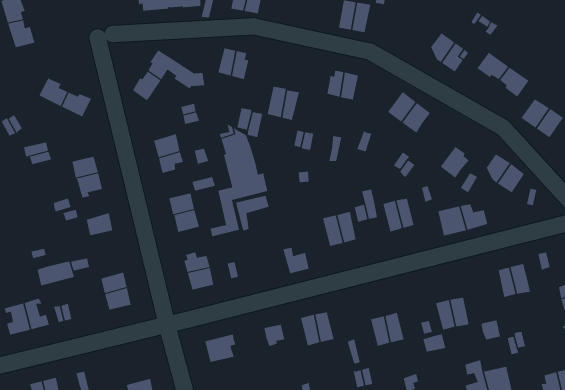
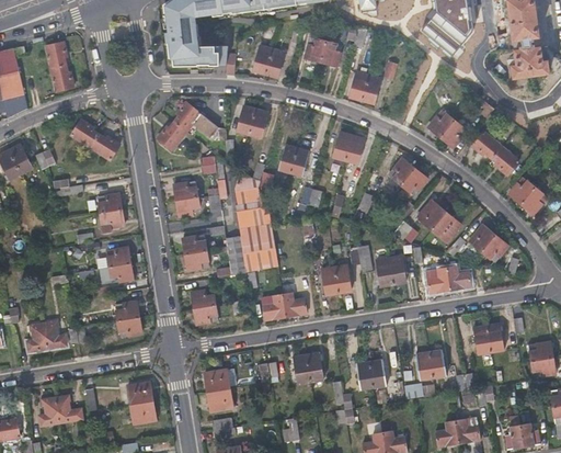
building: none -> [416,200,447,230]
building: none -> [262,294,287,320]
building: [37,261,75,286] -> [100,264,134,285]
building: none -> [208,388,233,410]
building: none -> [127,383,153,406]

